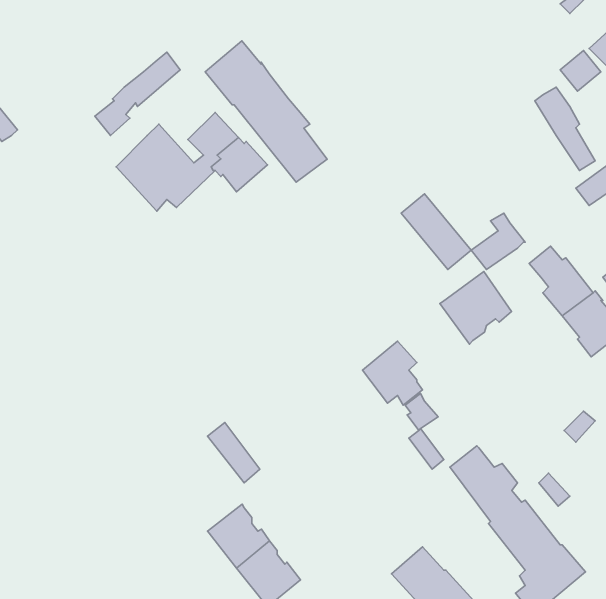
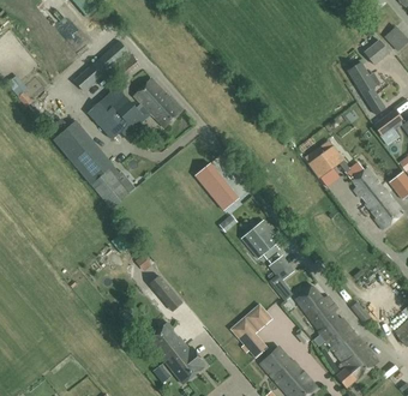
building: [205,41,327,182] -> [54,121,130,209]
building: [401,194,471,269] -> [197,161,240,208]
building: [440,271,512,344] -> none
building: none -> [228,305,272,362]

